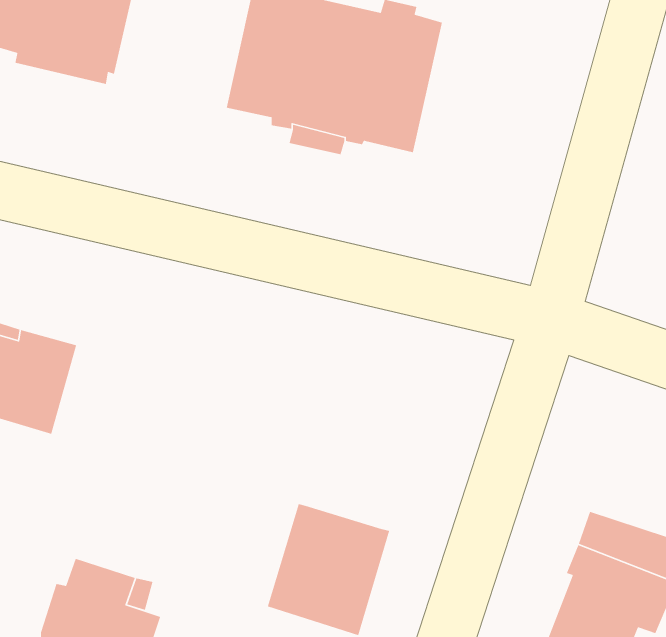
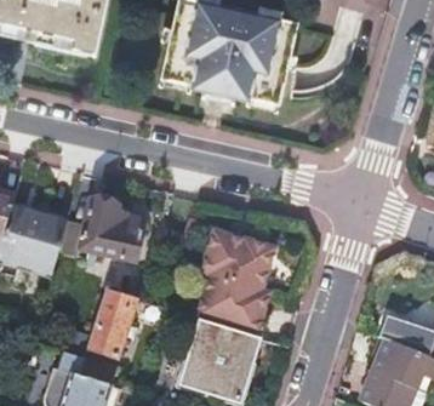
building: none -> [76,199,145,263]
building: none -> [195,228,275,333]
building: none -> [87,287,135,356]

